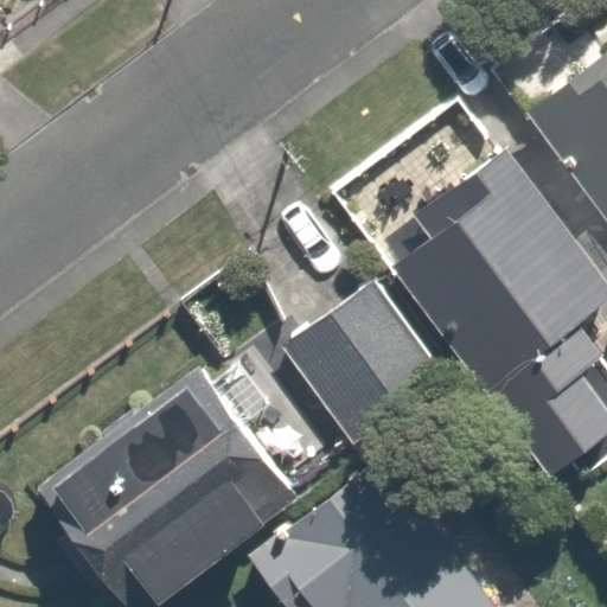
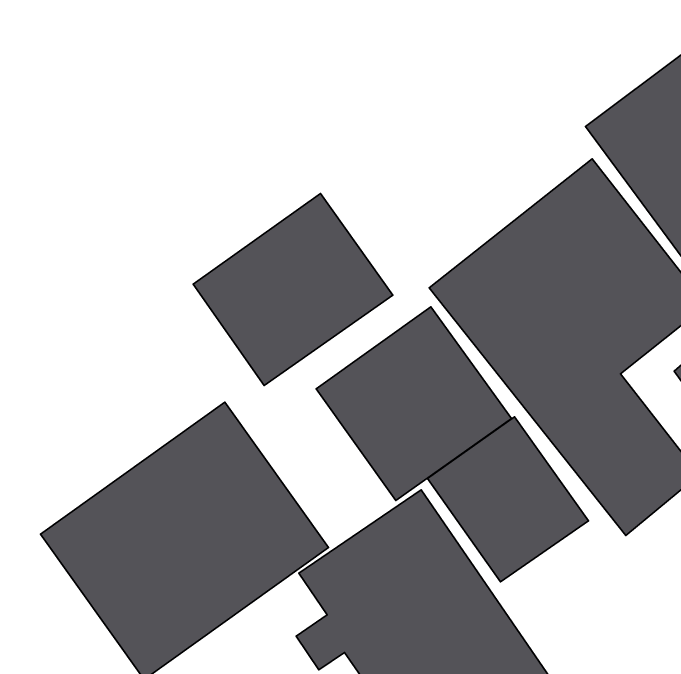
building: none -> [193,194,393,385]
building: none -> [428,417,588,582]

